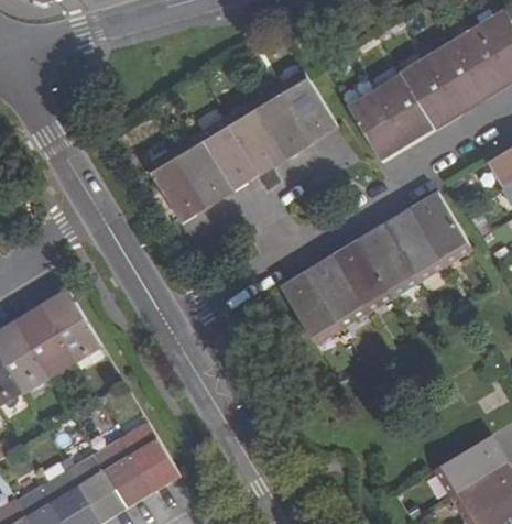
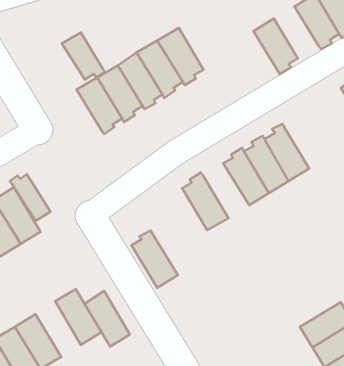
building: [401,57,458,129] -> none
building: [279,68,337,142] -> none
building: [349,89,405,160] -> none
building: none -> [62,33,105,80]
building: [414,192,472,265] -> none
building: [309,255,369,329] -> [131,231,178,288]
building: none -> [10,174,50,221]
building: [95,436,153,507] -> [84,291,130,347]

